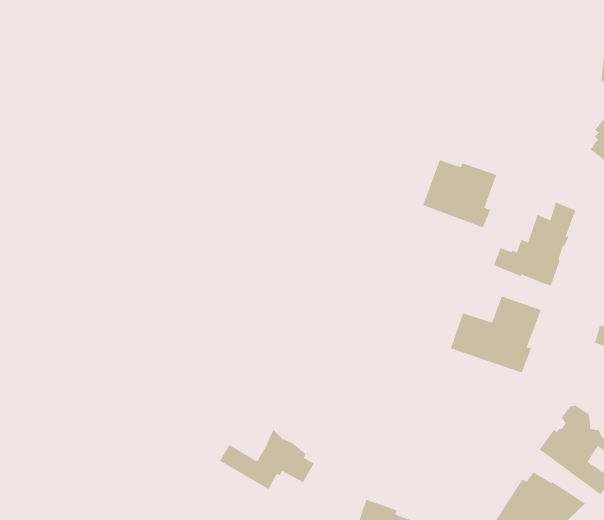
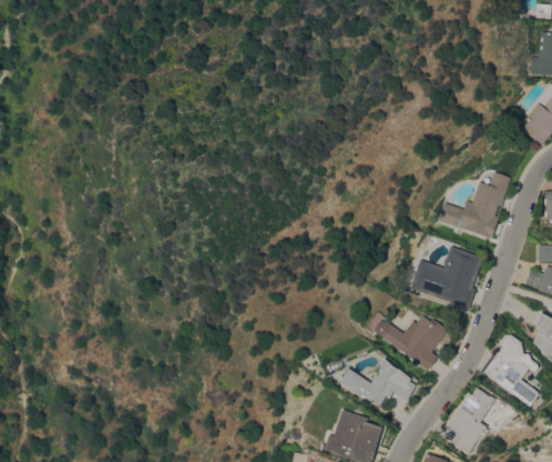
building: [422,159,497,228] -> none
building: none -> [374,315,448,370]
building: [219,429,315,490] -> [340,358,417,406]

